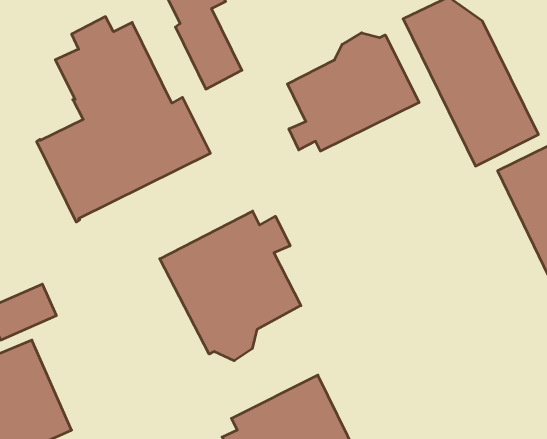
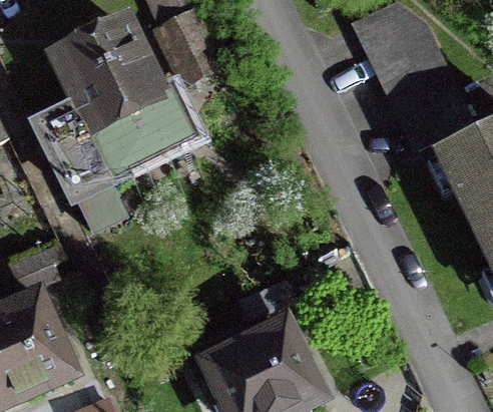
building: [287,33,419,151] -> none
building: [160,211,301,361] -> none

